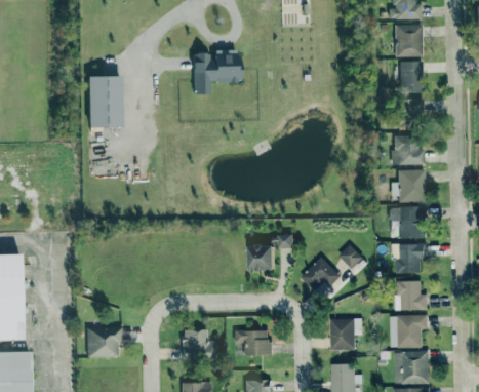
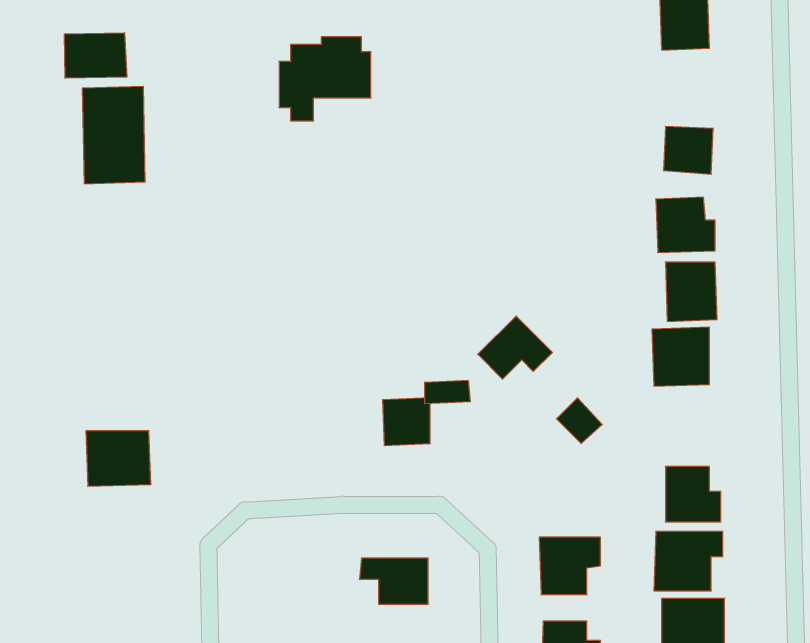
building: none -> [64,33,127,78]
building: [400,62,424,94] -> none
building: [392,243,426,273] -> none
building: [302,257,342,290] -> [478,316,552,379]
building: [86,327,121,357] -> [86,431,151,486]
building: [183,329,207,354] -> none

